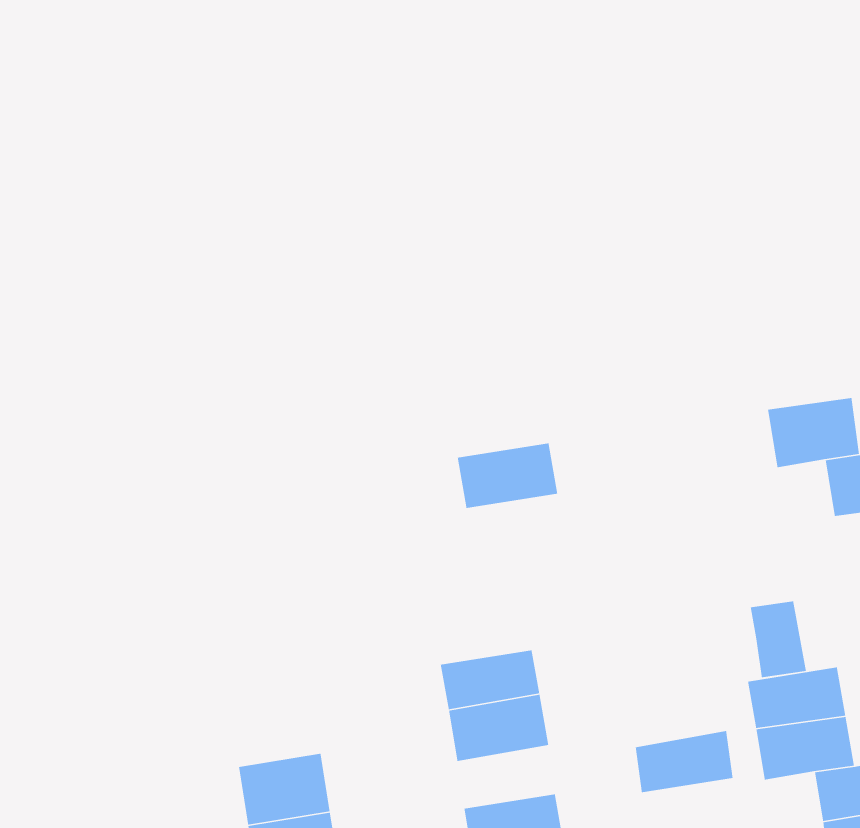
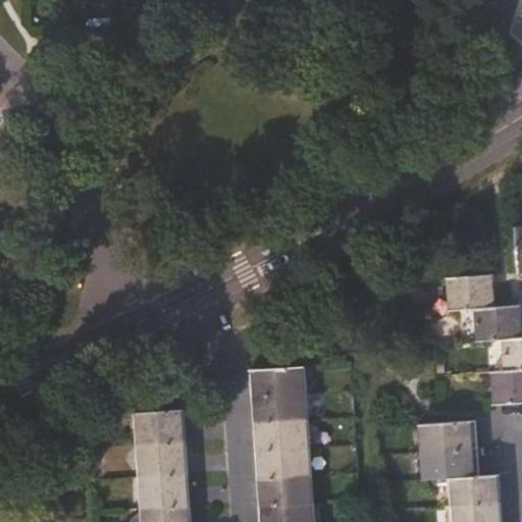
building: [457,443,558,509] -> [251,367,304,399]
building: [750,600,807,678] -> none
building: none -> [136,410,184,443]
building: [635,730,733,793] -> [257,449,309,478]

